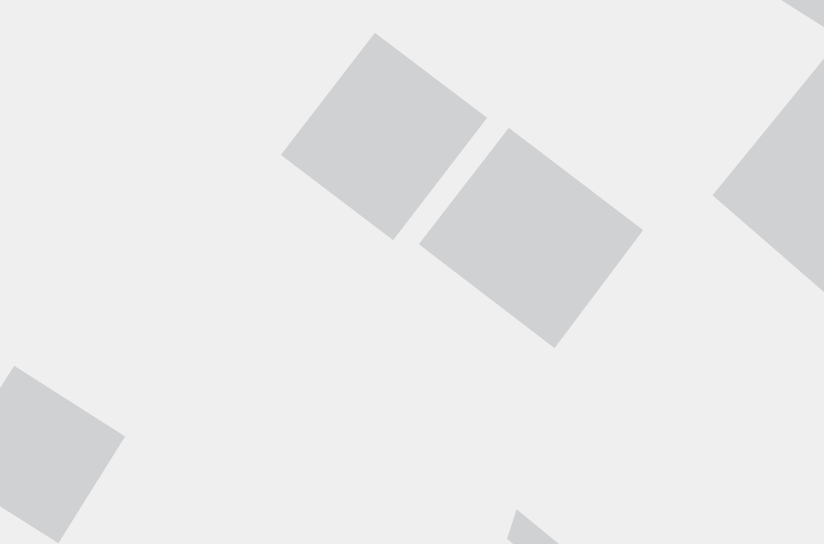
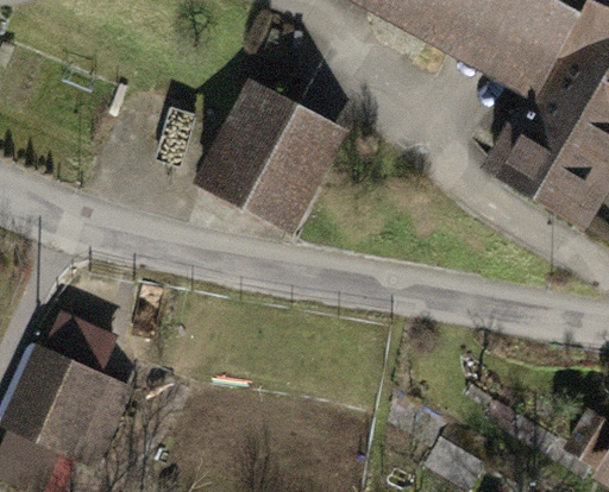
building: [418,127,644,349] -> none

